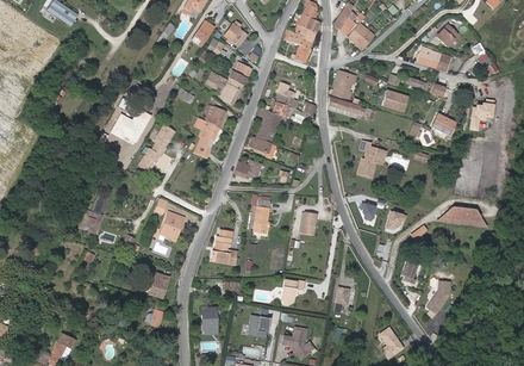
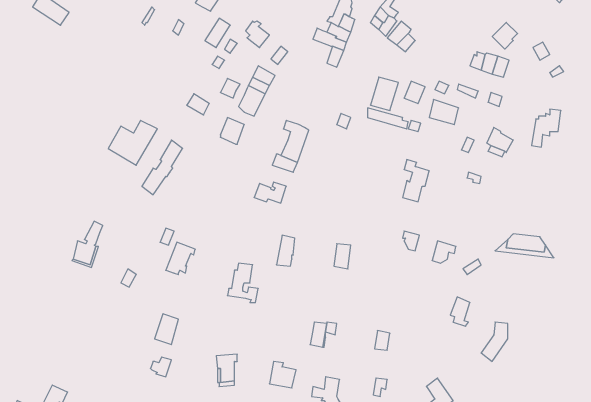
building: [272,82,298,118] -> none
building: [194,118,219,157] -> none

